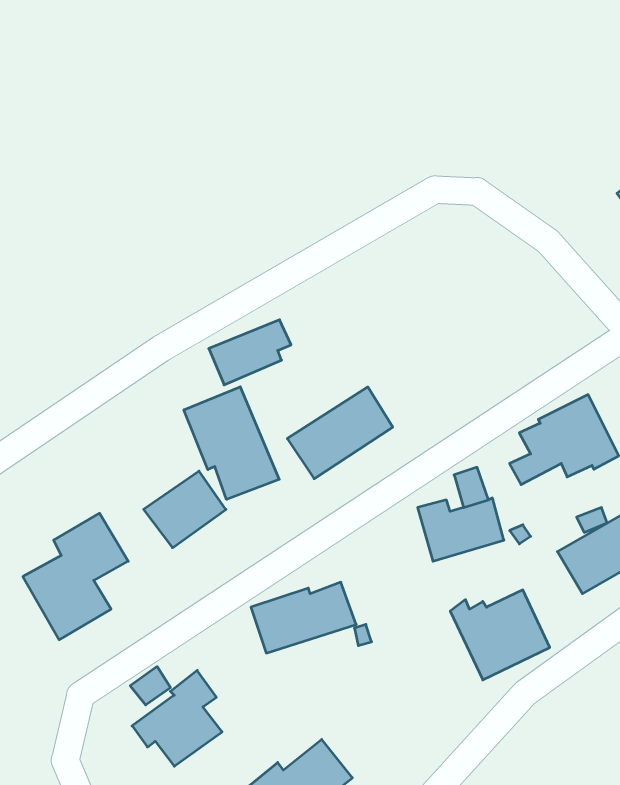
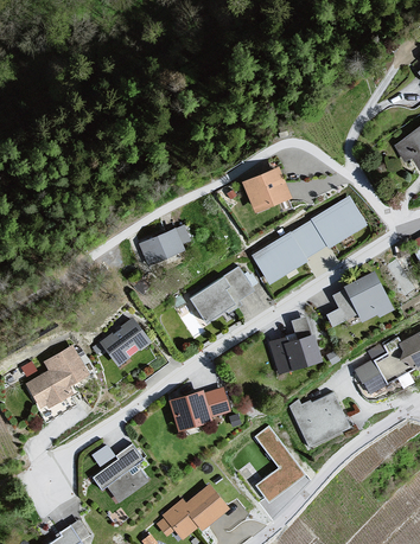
building: none -> [242,167,292,213]
building: none -> [250,196,368,284]
building: [184,387,279,499] -> none
building: none -> [253,423,305,501]

